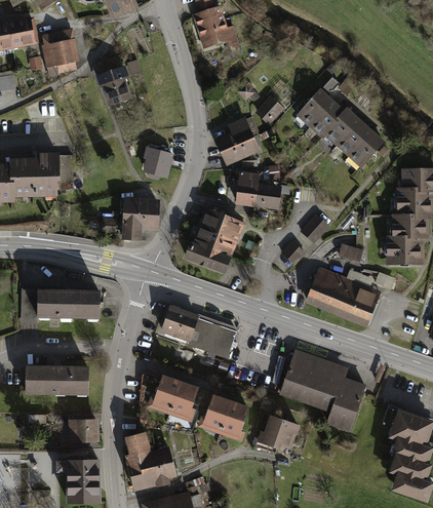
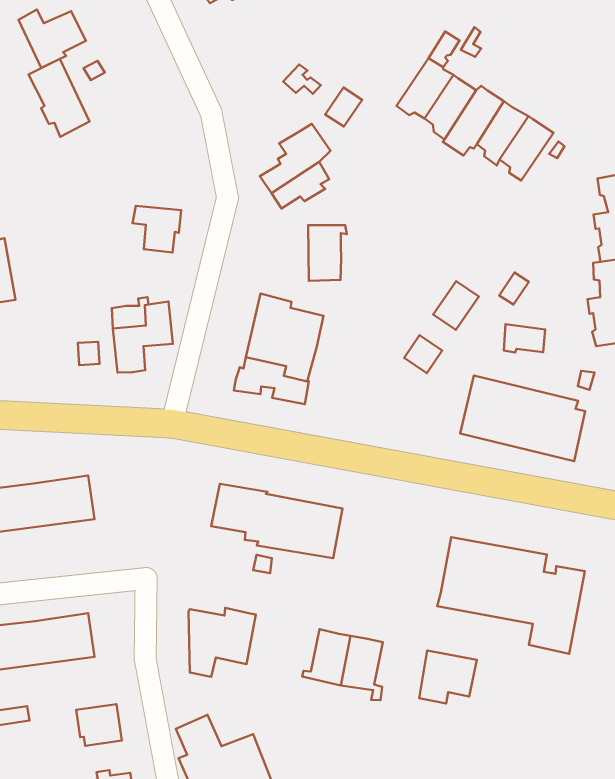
building: none -> [18,9,86,68]
building: [253,185,279,209] -> none
building: [170,382,197,416] -> none

